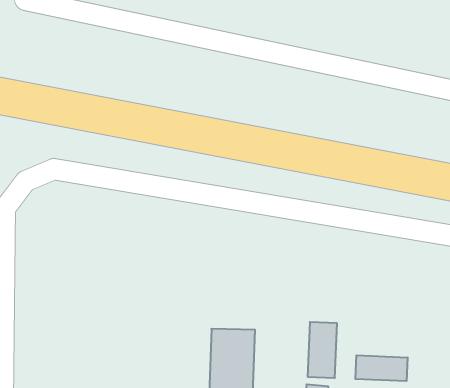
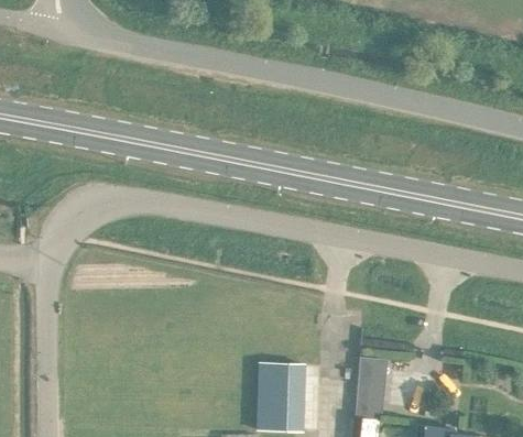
building: [355,355,408,381] -> none

